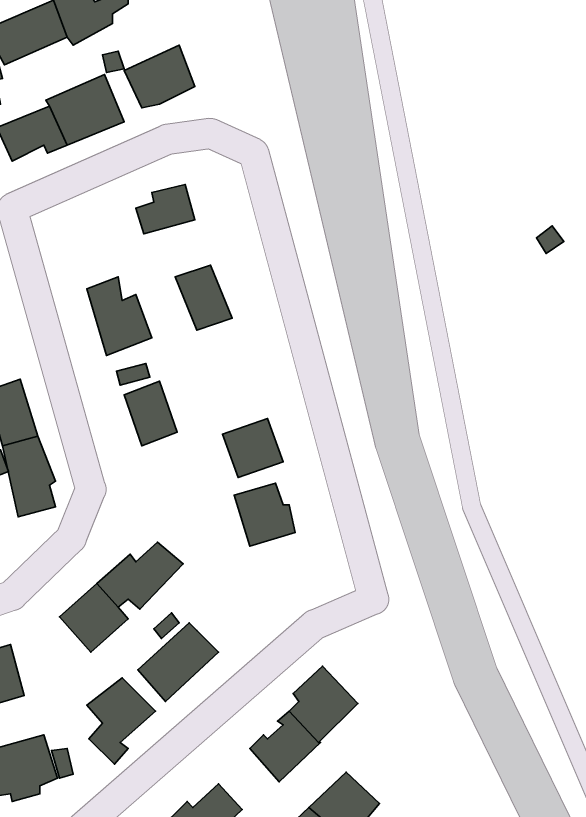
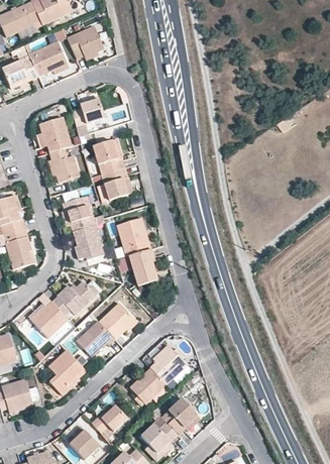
building: none -> [37,115,71,150]
building: none -> [100,165,127,200]
building: none -> [76,224,103,261]
building: none -> [100,304,135,337]

